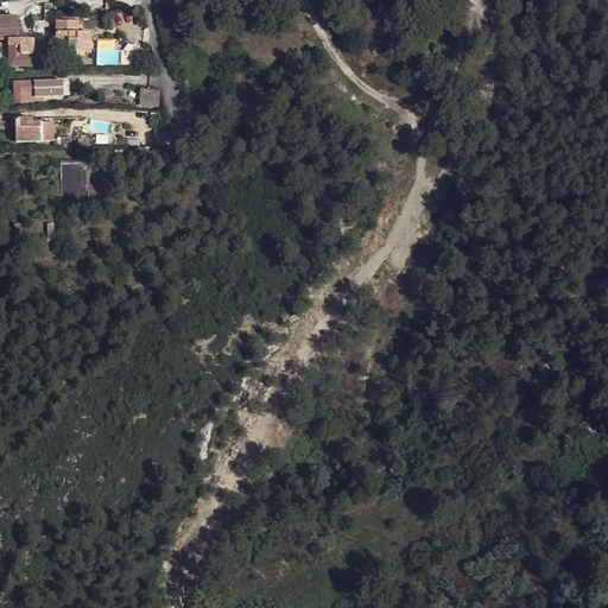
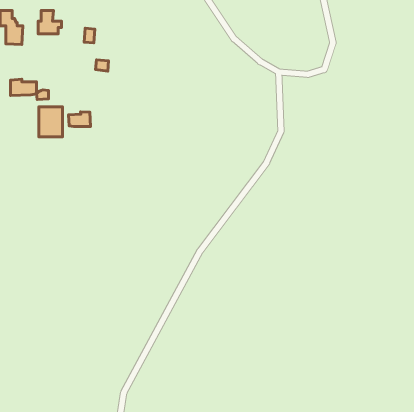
building: [10,78,63,101] -> none
building: none -> [69,112,90,126]

